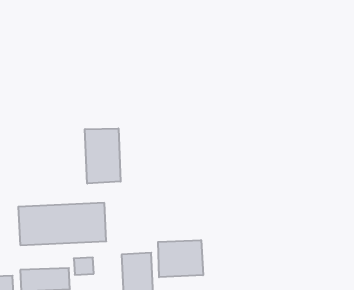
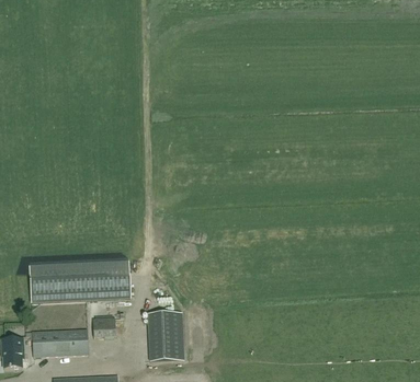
building: [85,128,121,184] -> none
building: [158,240,203,277] -> none

